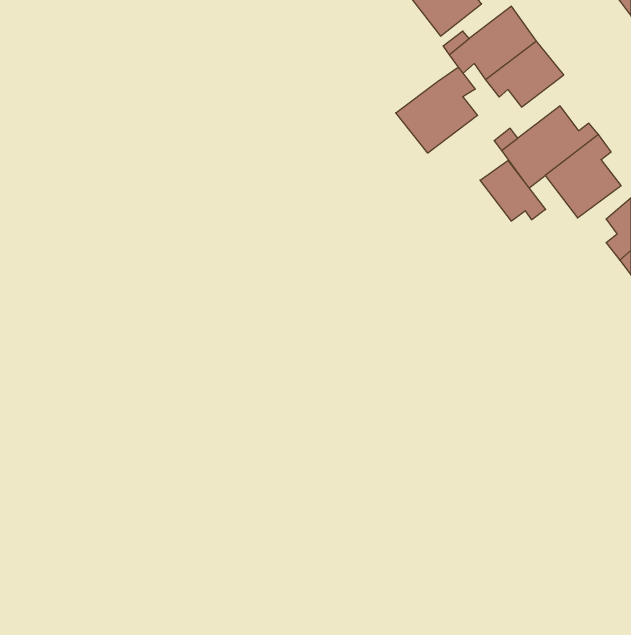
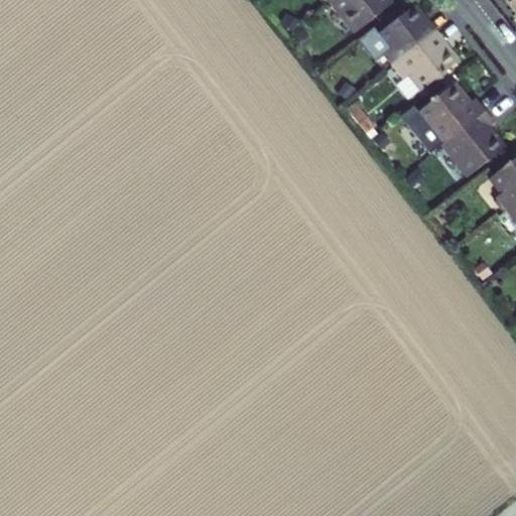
building: [396,67,478,153] -> none
building: [480,161,546,221] -> none

